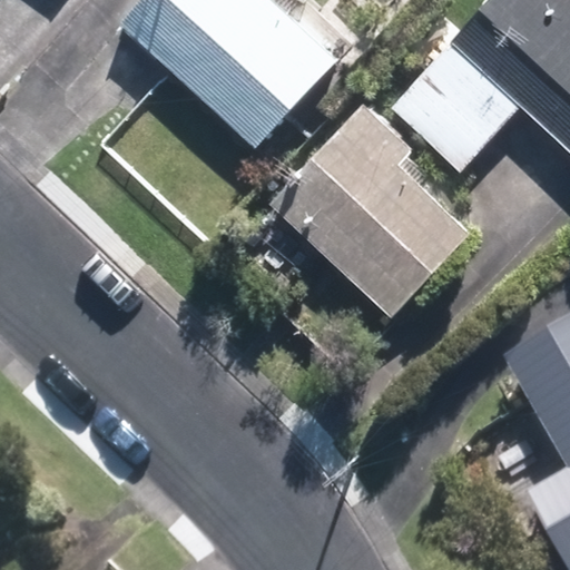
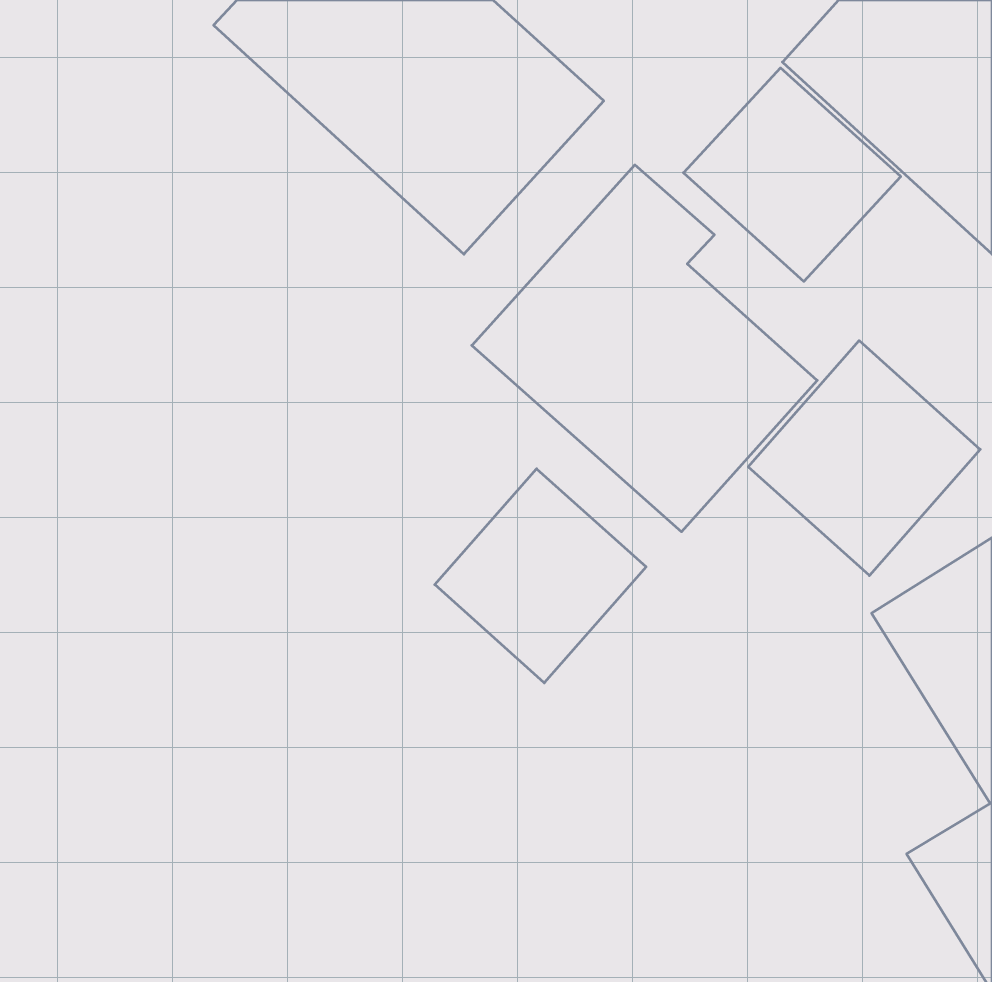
building: none -> [748,341,980,576]
building: none -> [435,469,646,683]

